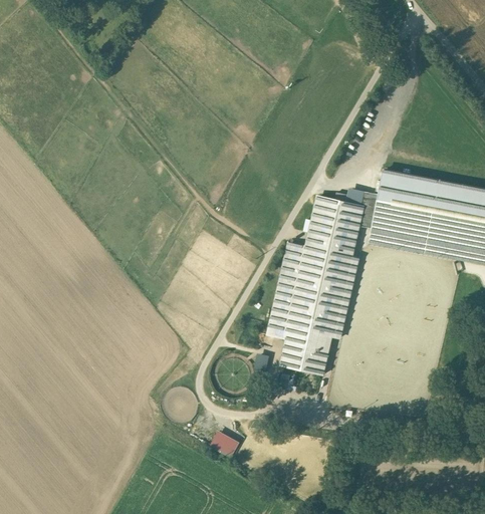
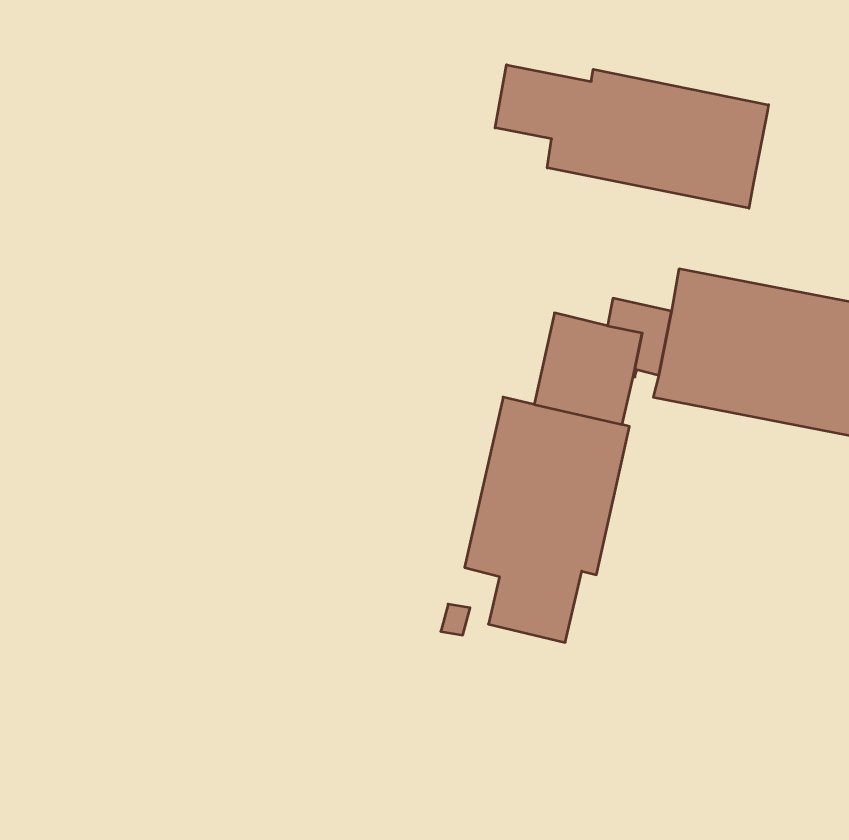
building: none -> [495,65,769,208]
building: [211,430,239,456] -> none

